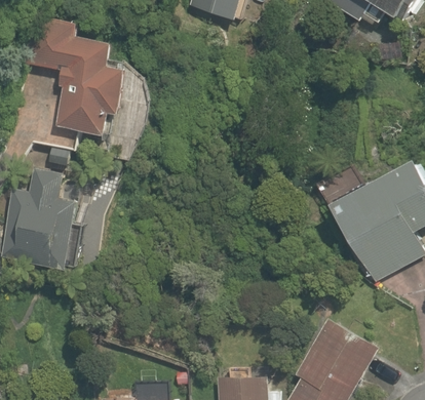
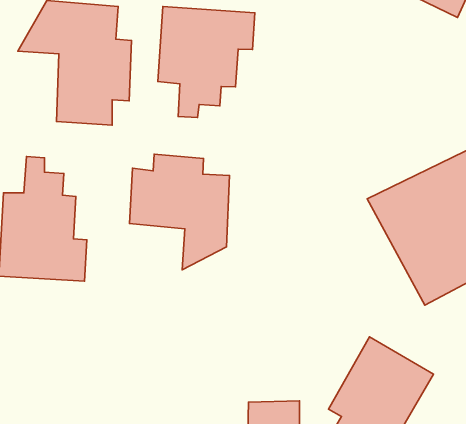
building: none -> [158,7,255,118]
building: none -> [129,154,230,270]

